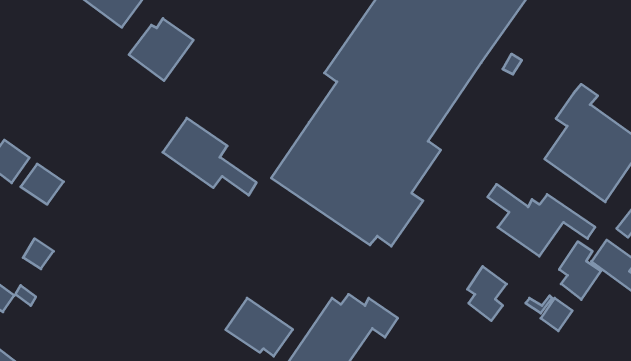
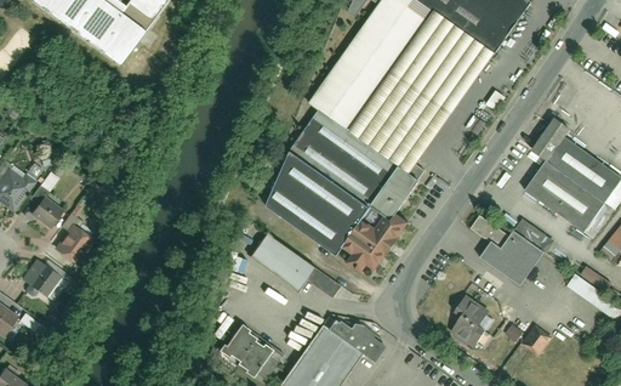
building: [129,18,193,81] -> none
building: [163,118,256,195] -> [250,222,340,296]
building: none -> [55,225,91,263]
building: [559,242,601,300] -> none

